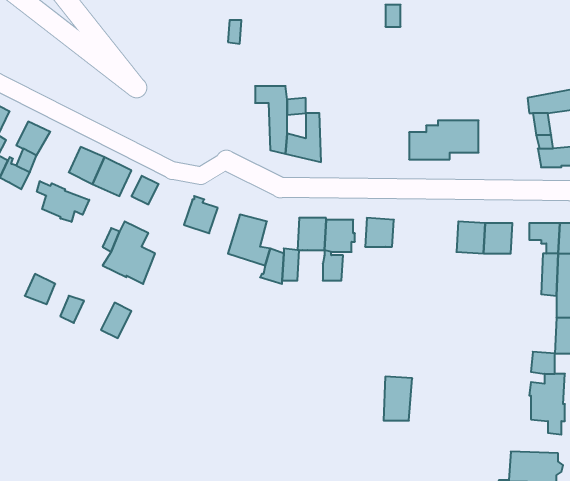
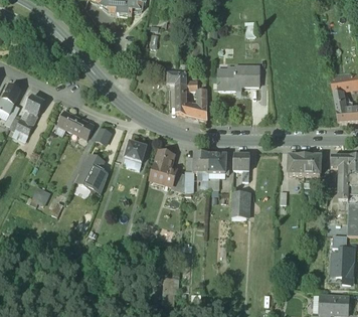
building: [409,120,479,159] -> [218,66,259,90]
building: [37,181,89,222] -> none
building: [384,377,412,421] -> [231,190,248,216]

